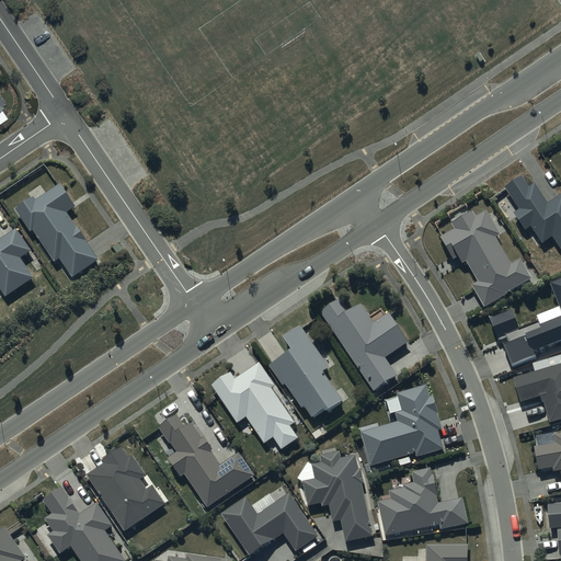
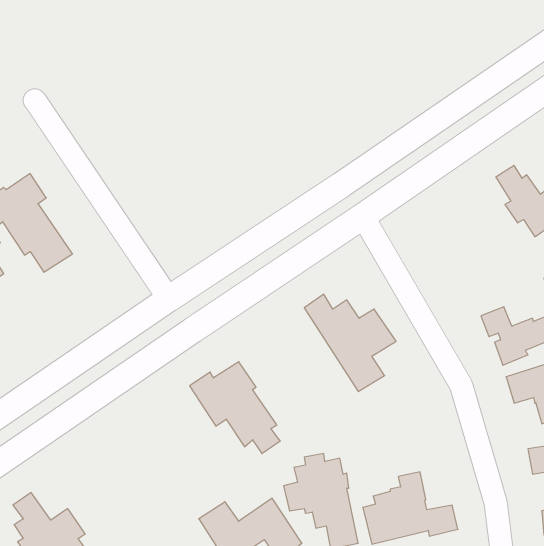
building: [440,210,531,307] -> none
building: [268,324,343,417] -> none
building: [360,383,443,466] -> none
building: [159,414,255,507] -> none
building: [87,447,167,530] -> none

